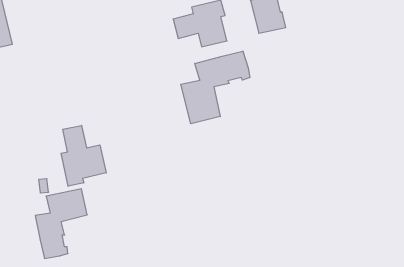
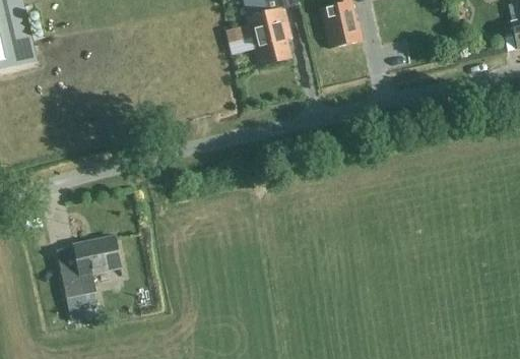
building: [181,51,250,124] -> none
building: [61,125,106,186] -> none

